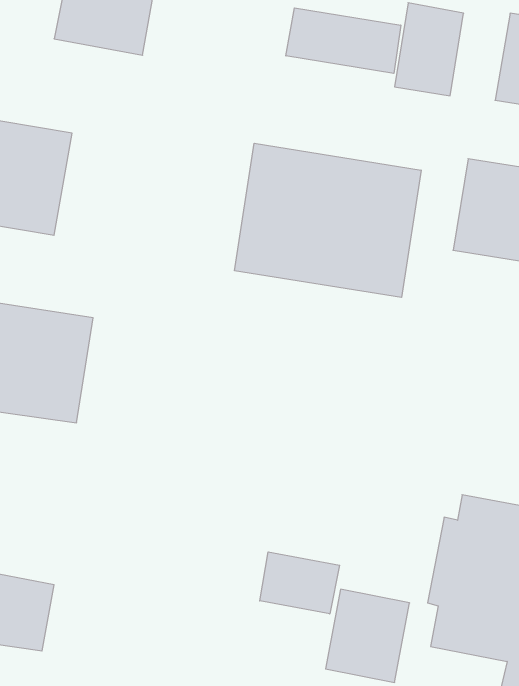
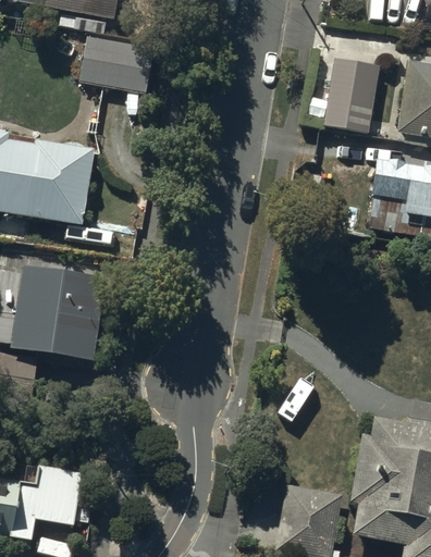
building: [286,8,401,73] -> none
building: [235,143,421,297] -> none
building: [260,552,340,614] -> none

